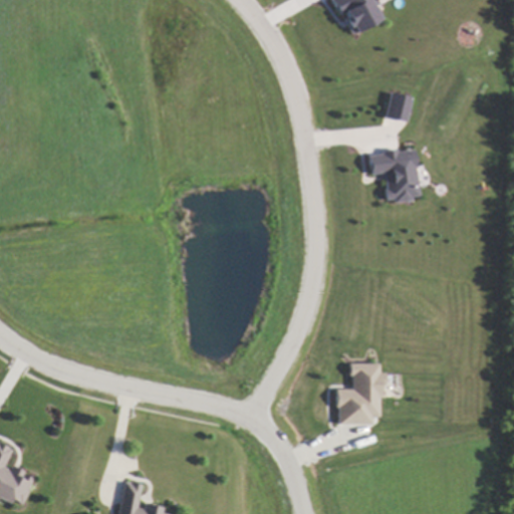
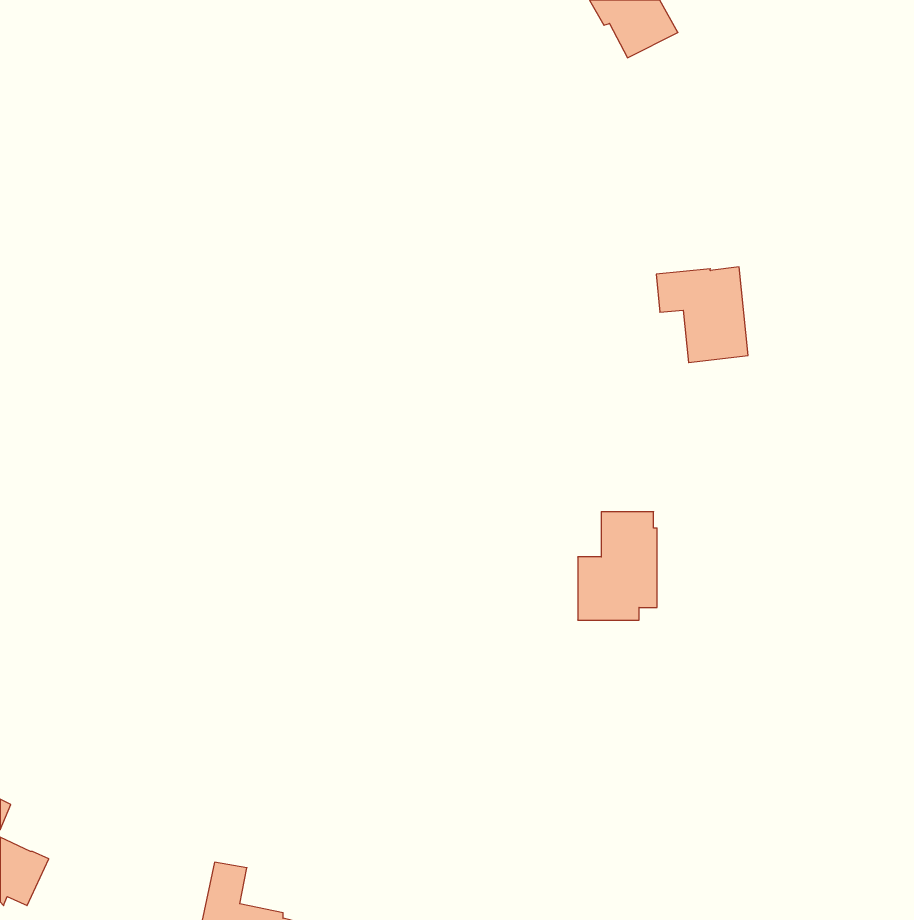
building: [386,91,414,121] -> none
building: [337,363,381,424] -> [578,512,657,620]

